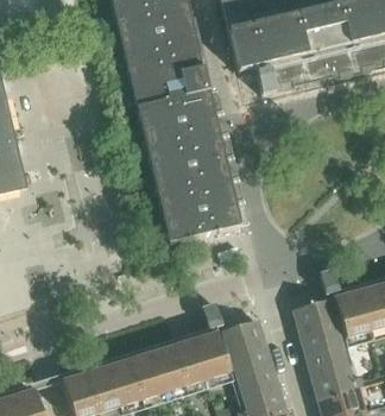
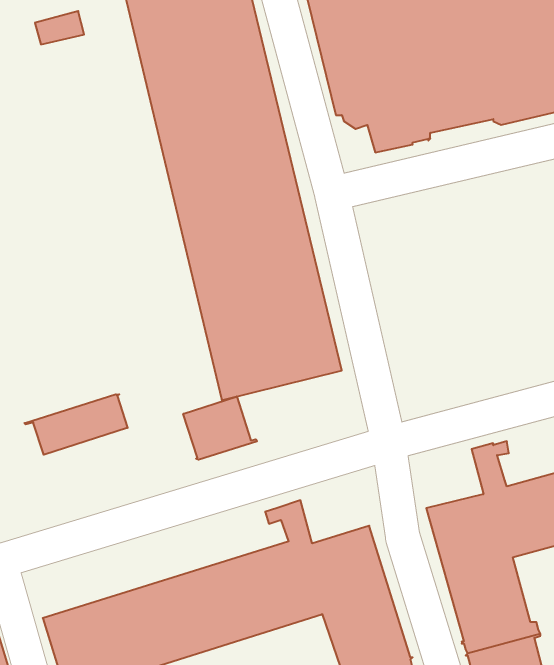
building: none -> [24,394,128,455]
building: none -> [183,396,257,460]

